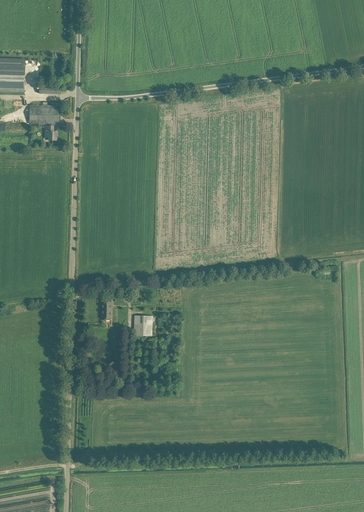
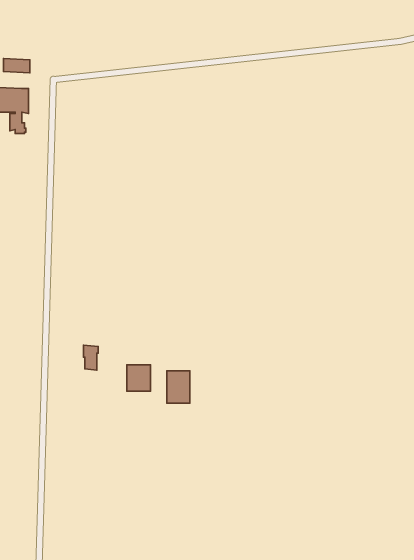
building: none -> [167,371,190,403]

